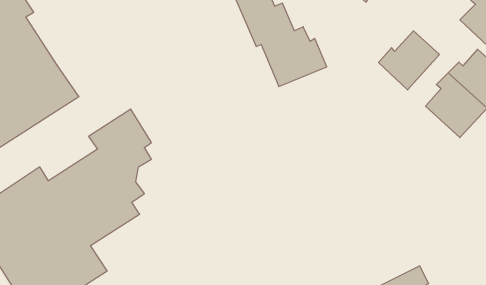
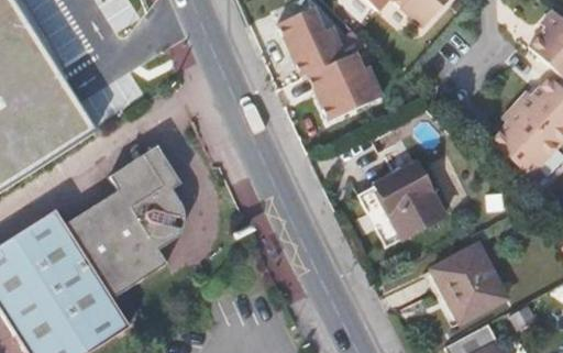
building: [379,31,439,90] -> none
building: none -> [355,161,440,242]
building: none -> [428,242,503,318]

